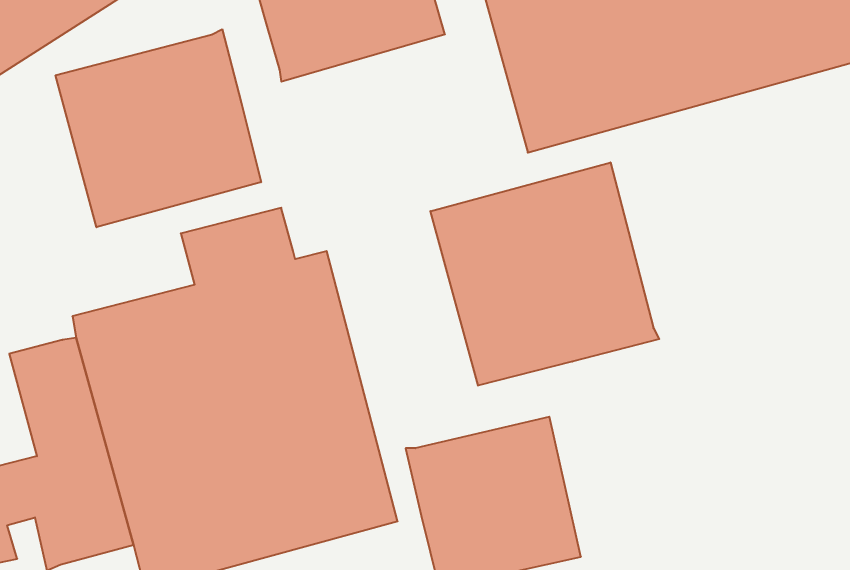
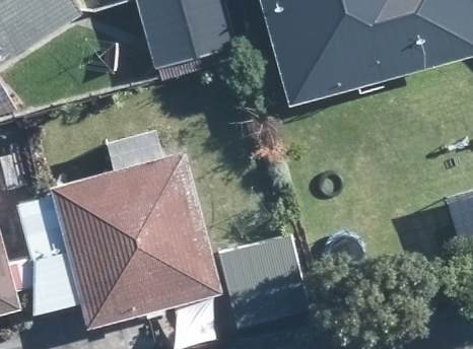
building: [56,29,261,227] -> none
building: [430,162,659,386] -> none

